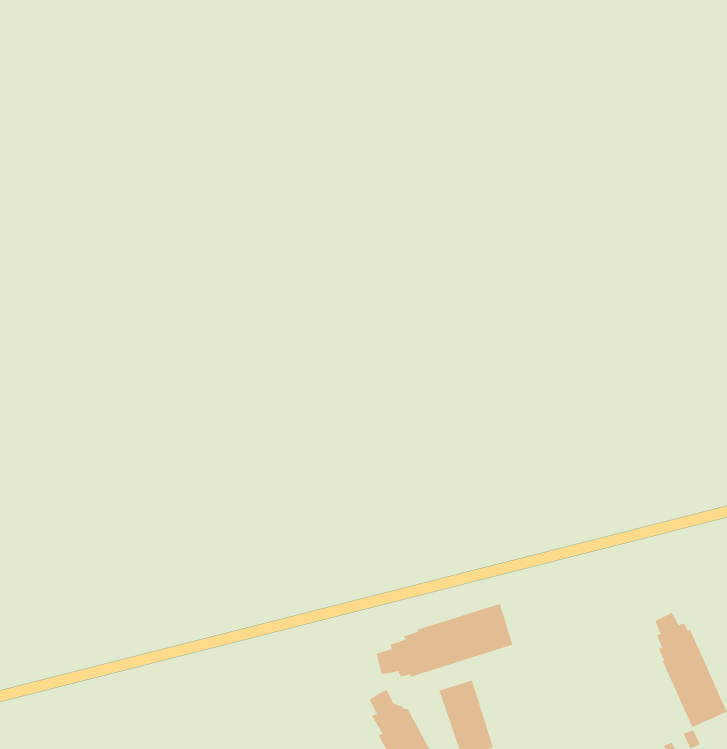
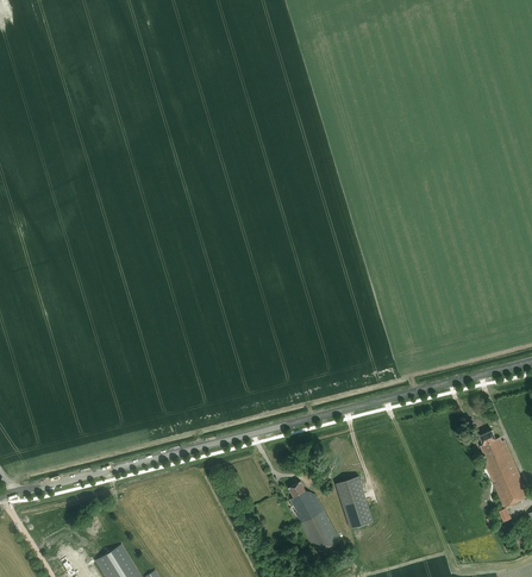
building: [376,603,513,678] -> none

